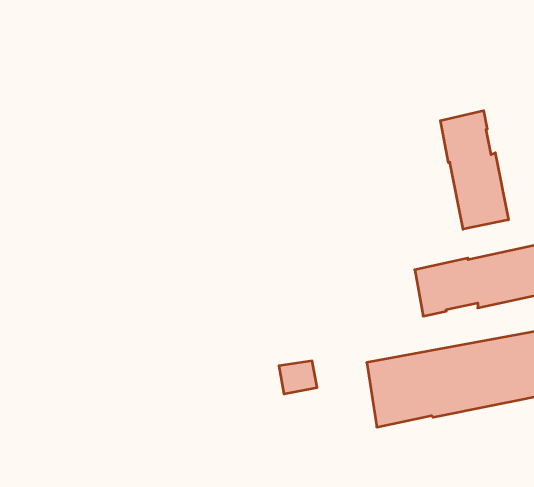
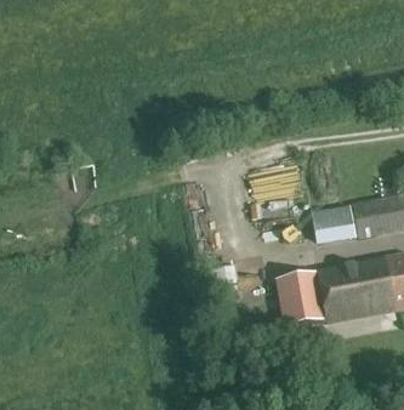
building: [440,111,508,229] -> none

